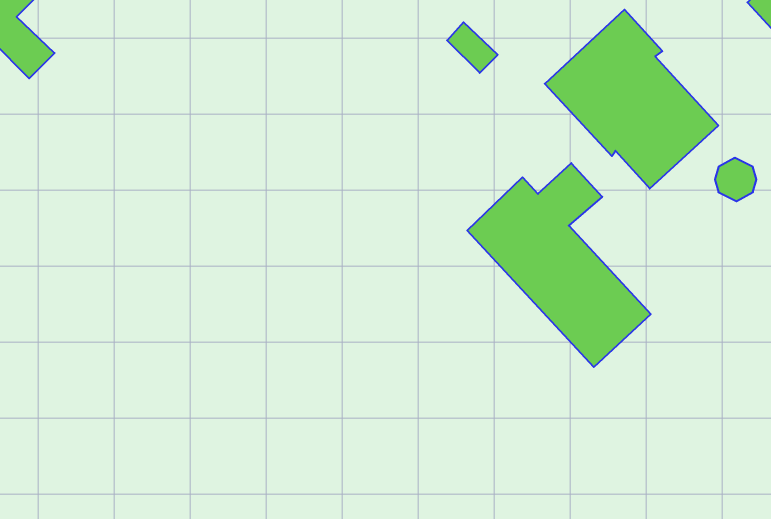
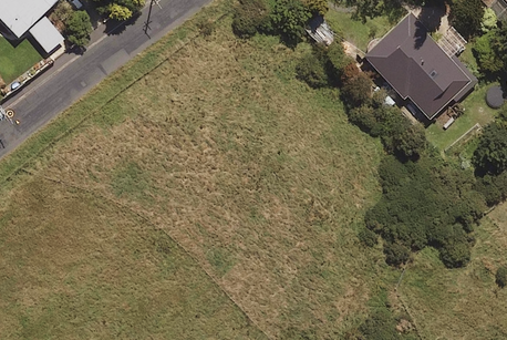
building: [467,163,651,367] -> none

